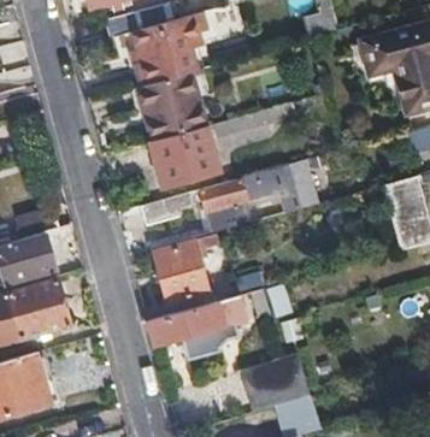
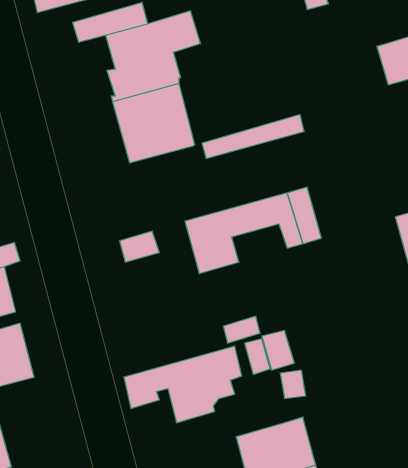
building: [149,128,218,189] -> none
building: [157,240,213,305] -> none

